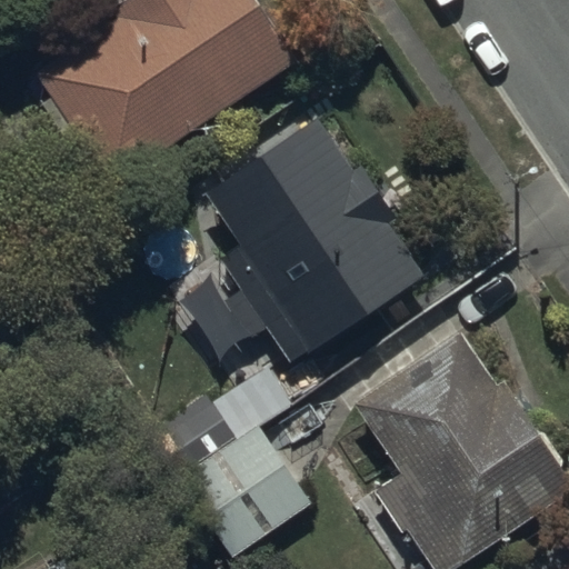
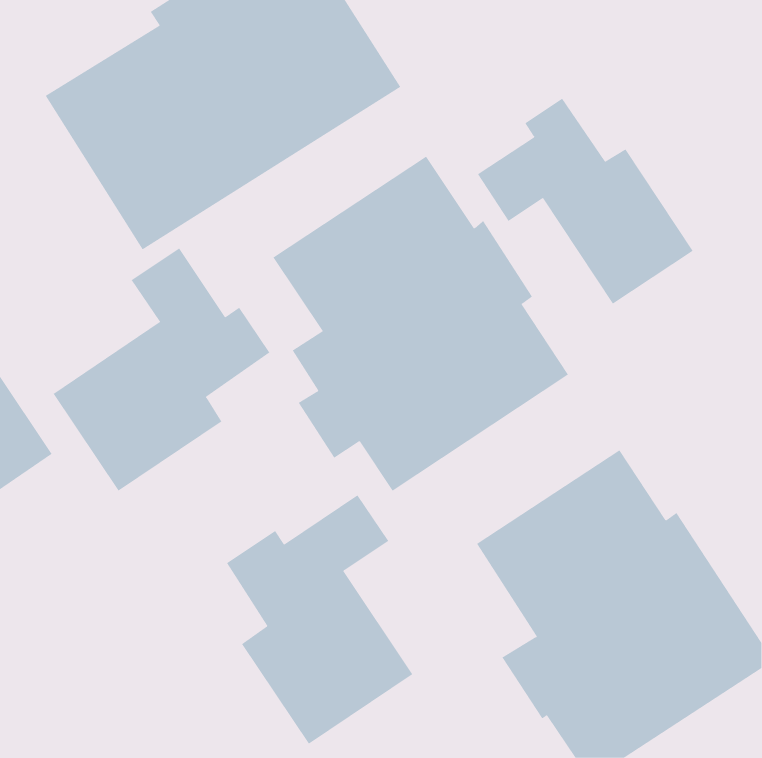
building: none -> [477,98,693,305]
building: none -> [53,248,270,492]

